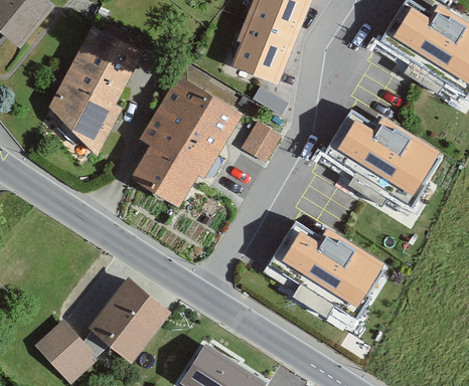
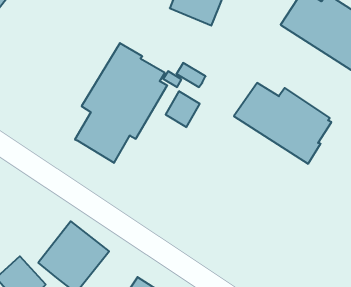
building: [231,20,295,84] -> none
building: [49,26,142,157] -> none
building: [268,222,385,321] -> none

